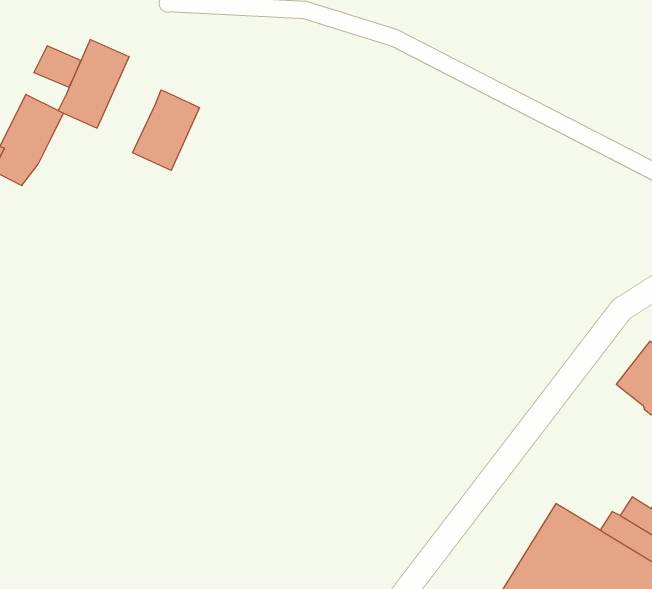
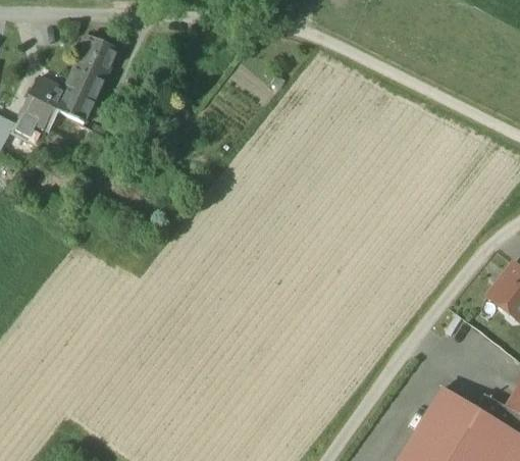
building: [34,46,81,87] -> [57,92,93,123]
building: [133,90,200,170] -> none

